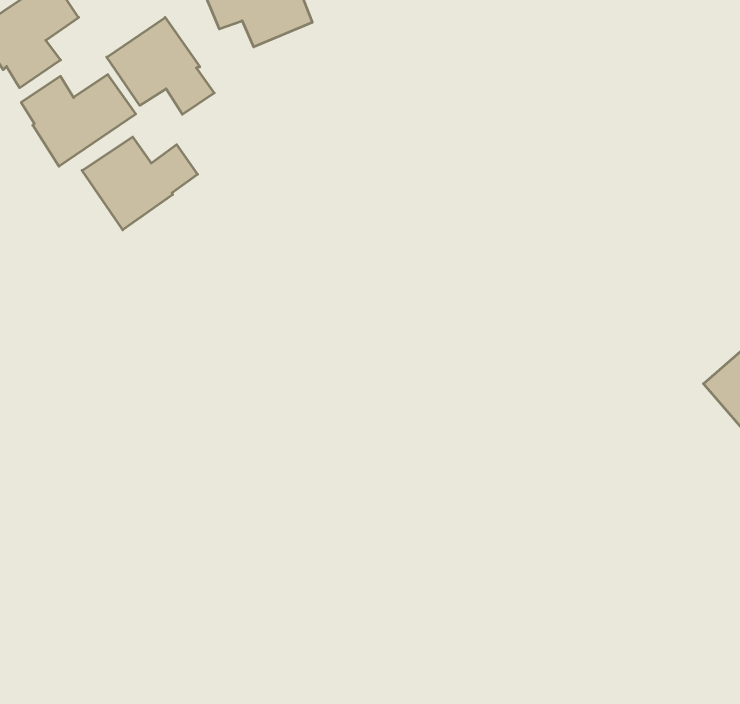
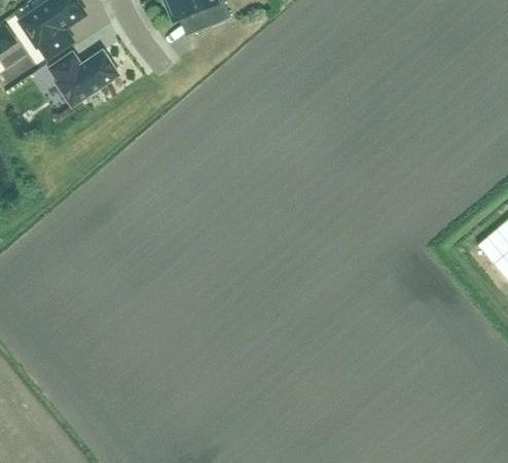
building: [107,17,214,114] -> none
building: [82,137,198,230] -> none

